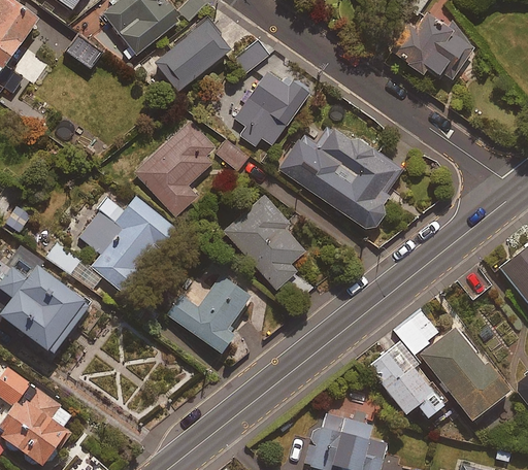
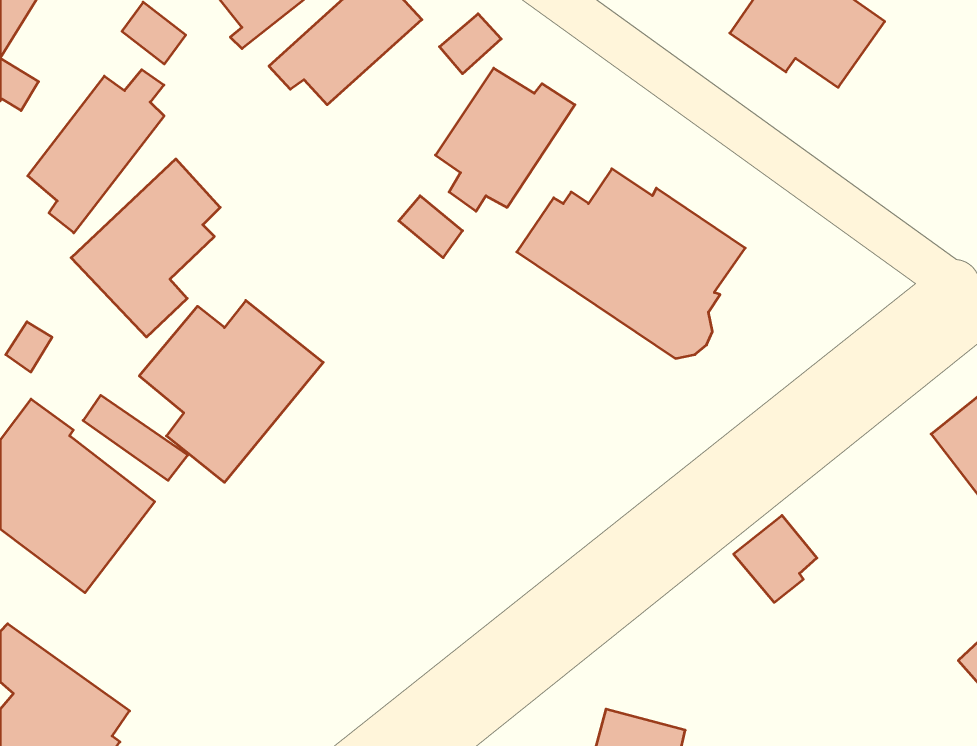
building: none -> [28,70,164,233]
building: [135,121,214,215] -> [71,159,220,337]
building: [226,198,304,289] -> none
building: [170,274,251,354] -> none
building: [420,327,506,418] -> none
building: [368,344,442,416] -> none

